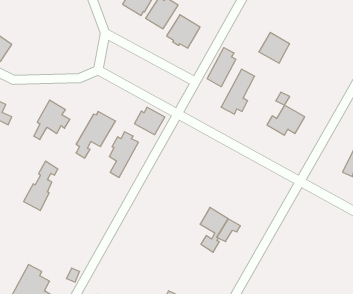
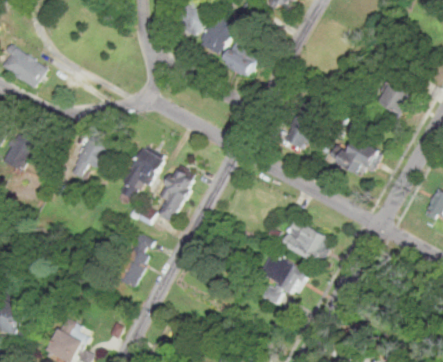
building: [259,32,290,63] -> [378,81,413,116]
building: [207,48,236,87] -> none
building: [135,107,165,135] -> none
building: [24,161,58,210] -> [113,233,152,289]
building: none -> [279,220,327,263]

